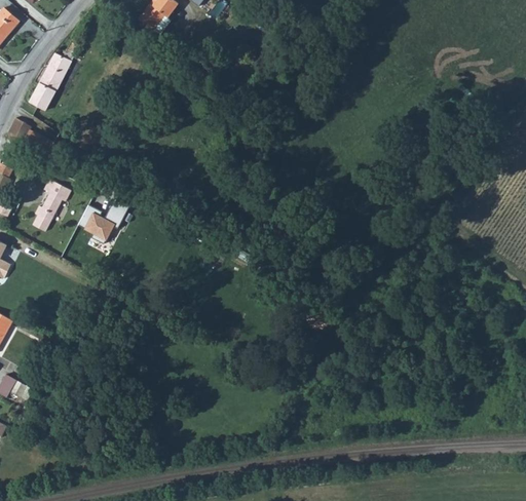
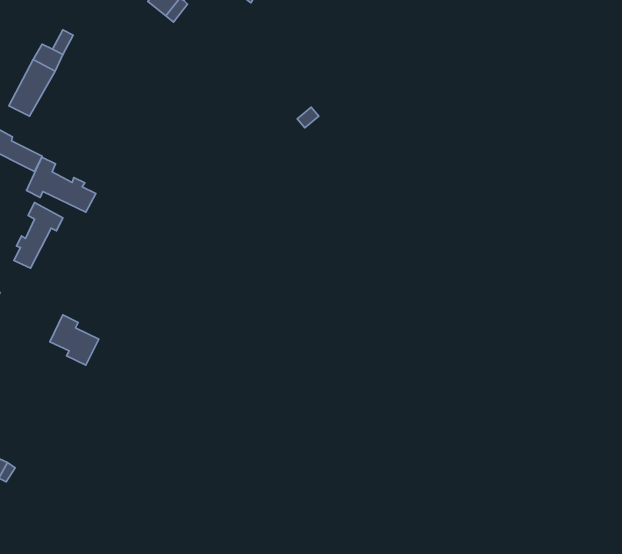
building: none -> [26,157,96,212]
building: [83,205,122,245] -> [50,315,99,365]

